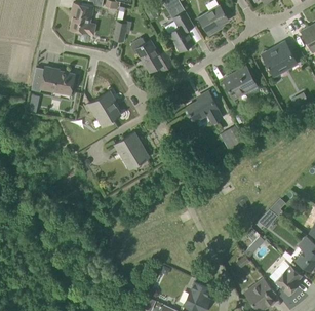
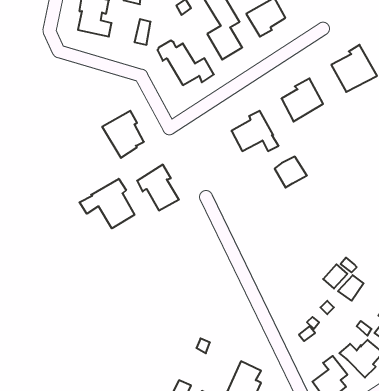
building: [40,67,75,92] -> none
building: none -> [79,179,134,228]

